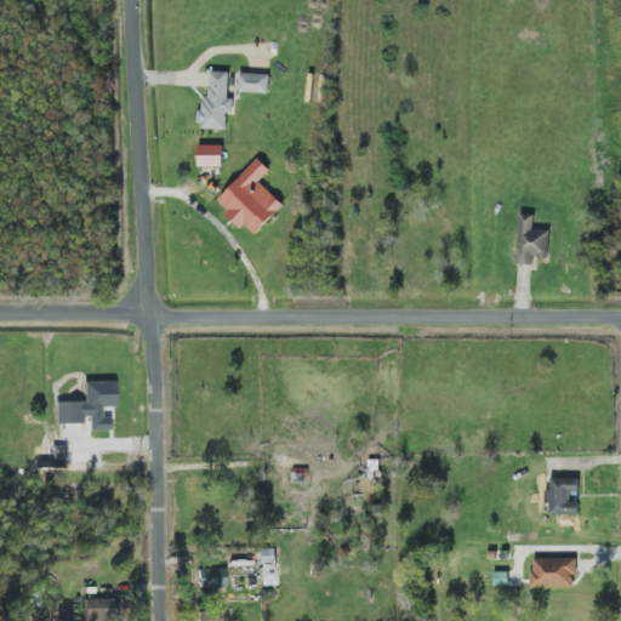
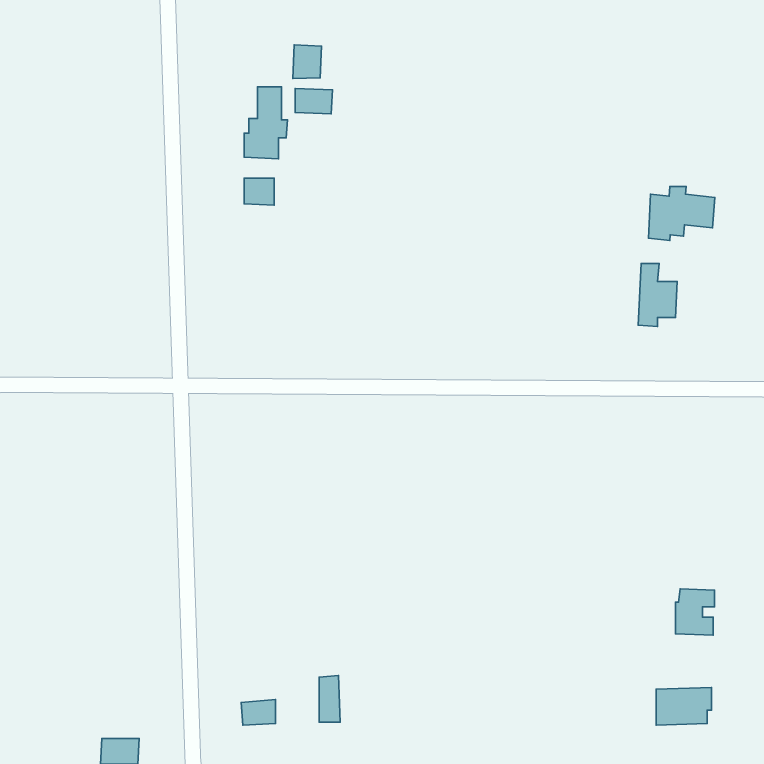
building: none -> [293,45,321,79]
building: none -> [648,186,715,240]
building: [215,158,283,234] -> none
building: [55,380,114,429] -> none

